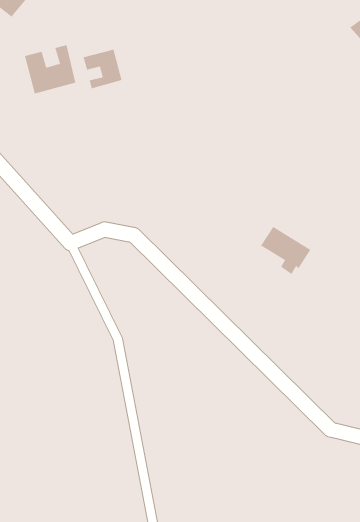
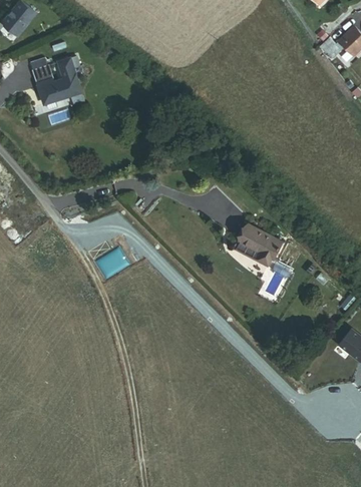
building: [83,49,122,89] -> none

